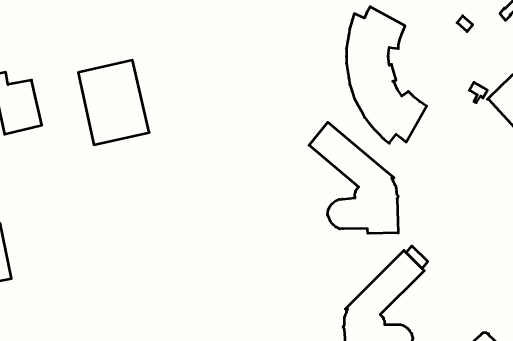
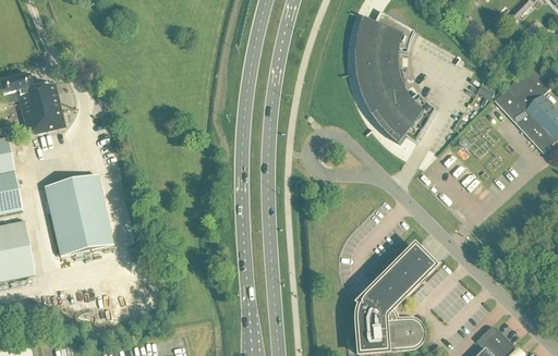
building: [78,60,149,145] -> [44,174,112,256]
building: [309,122,398,233] -> none

